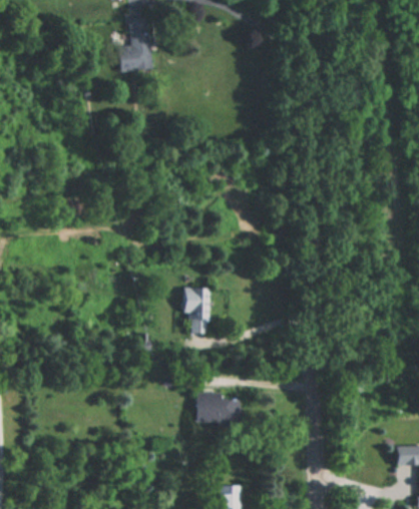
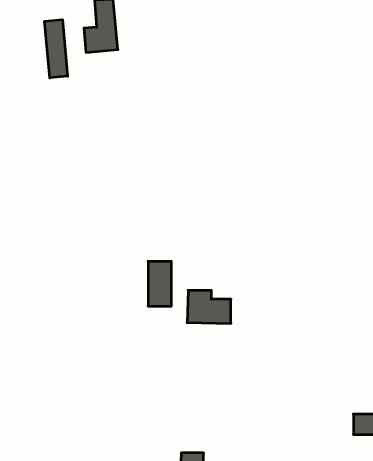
building: none -> [45,20,68,78]
building: [196,390,242,424] -> [187,290,231,323]

